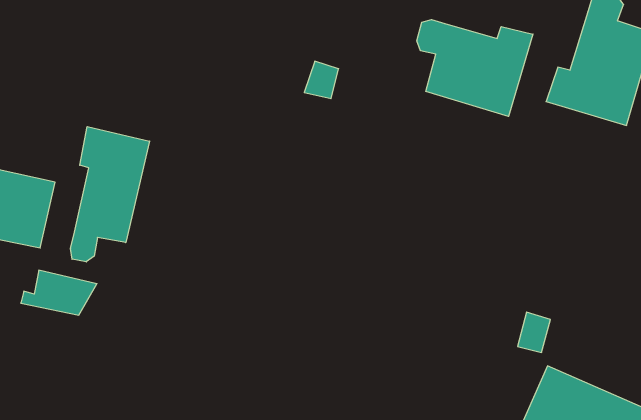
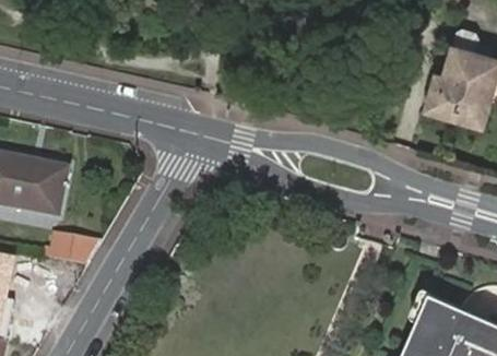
building: [417,20,533,116] -> none
building: [71,127,150,262] -> none

